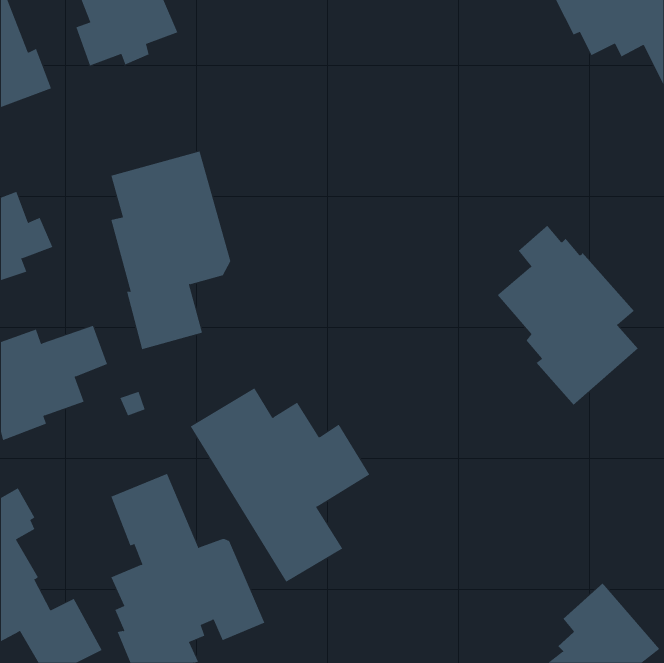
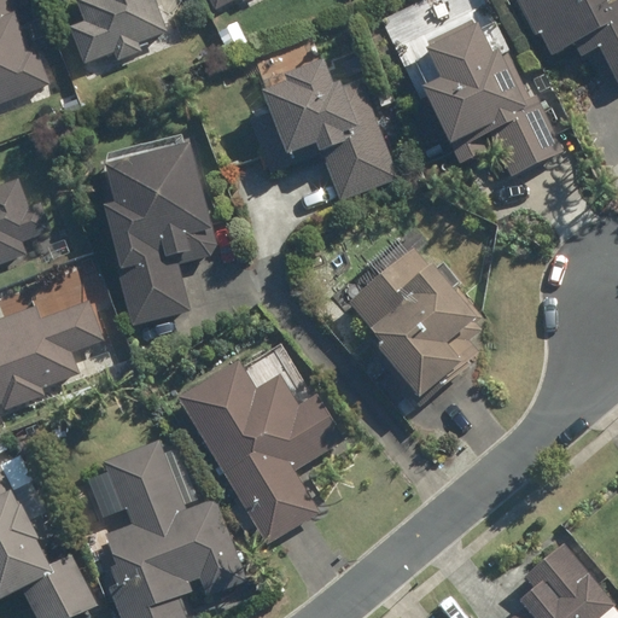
building: none -> [418,19,561,175]
building: none -> [249,57,400,203]
building: [497,225,639,406] -> [346,235,478,403]

